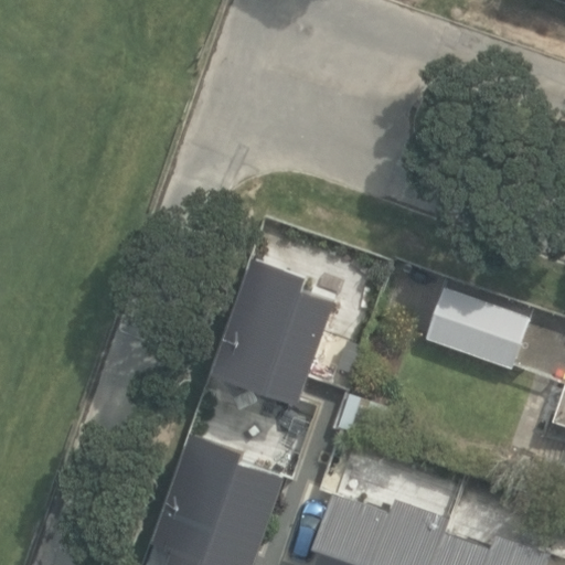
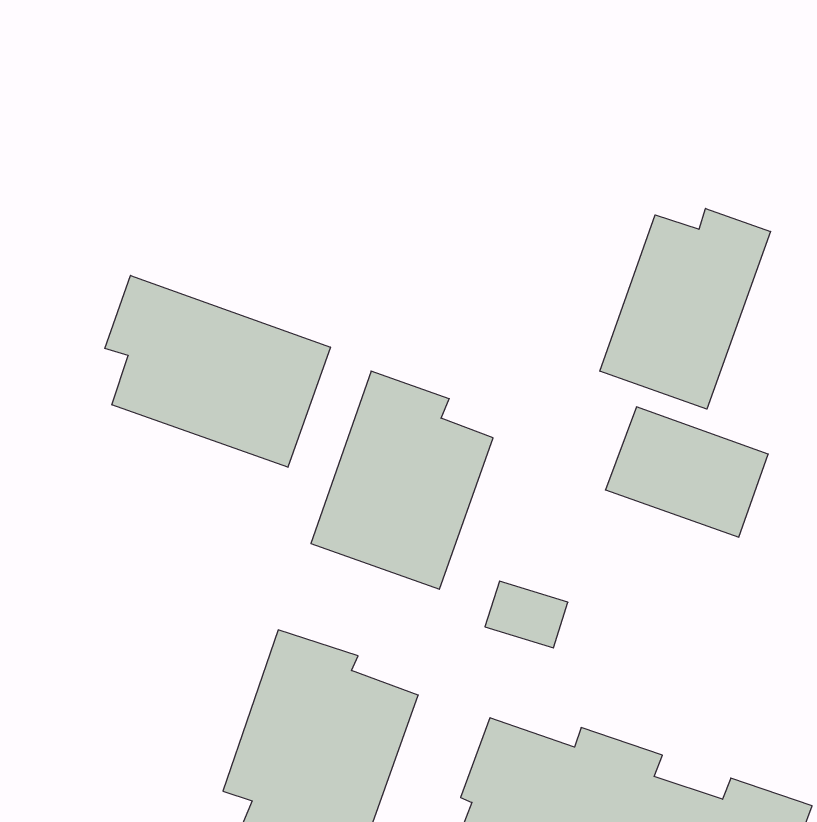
building: none -> [600,208,771,409]
building: none -> [105,275,330,467]

